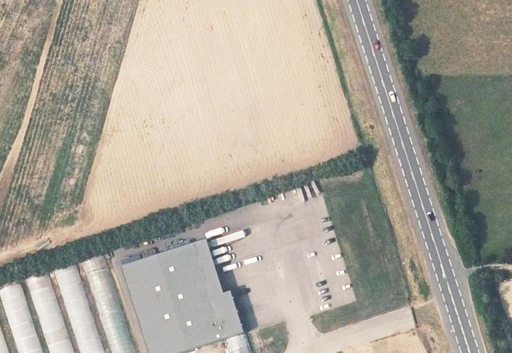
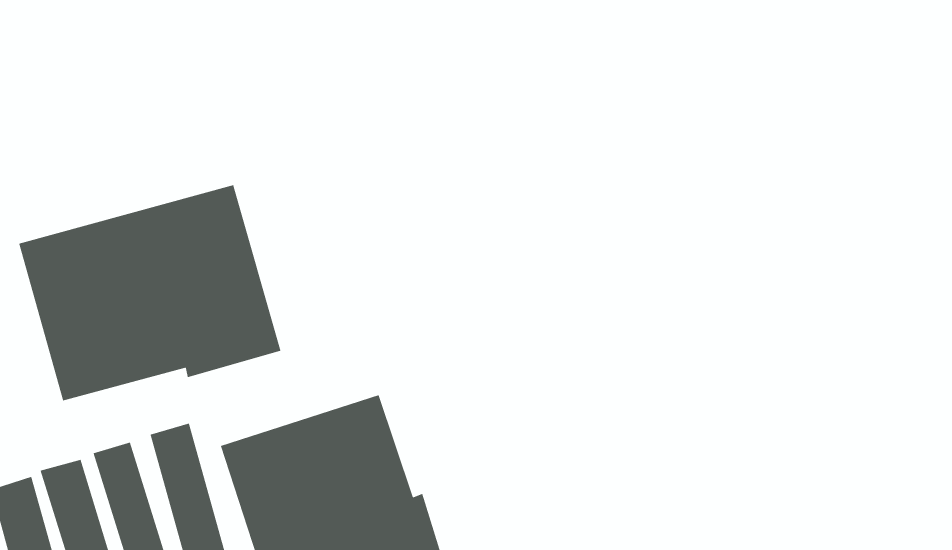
building: none -> [18,184,282,401]

